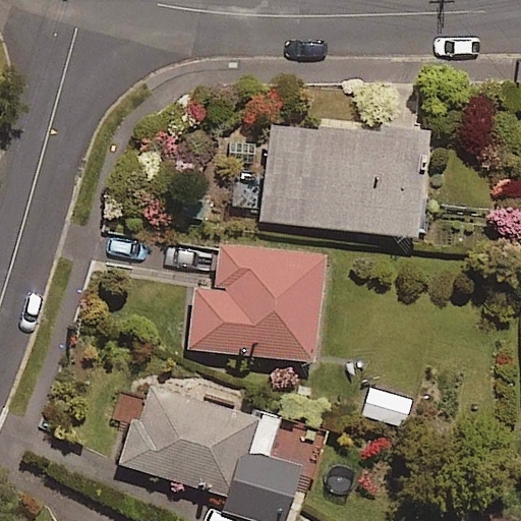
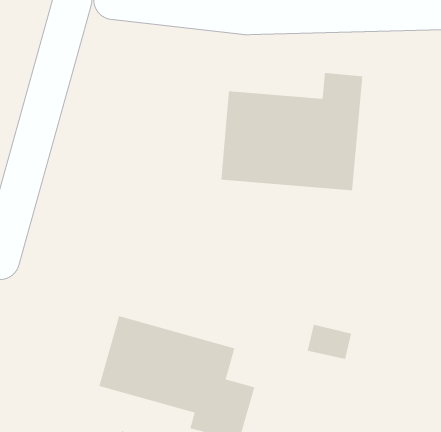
building: [188,243,325,362] -> none

